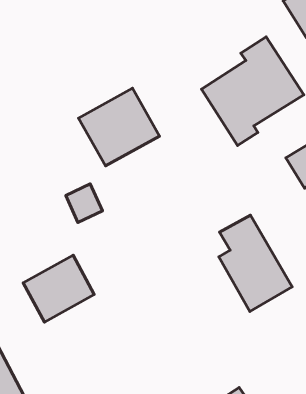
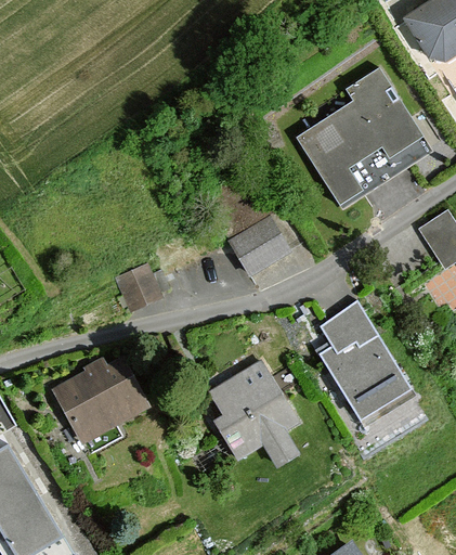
building: [78,88,160,166] -> none
building: none -> [231,214,296,278]
building: none -> [210,357,302,466]

